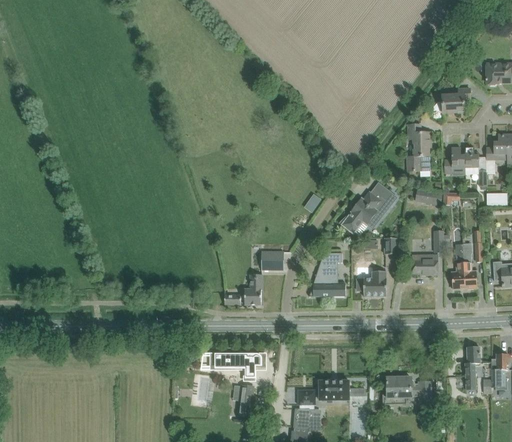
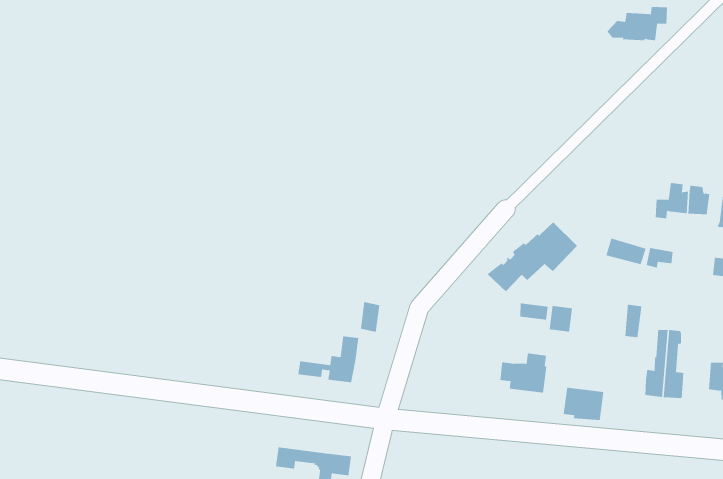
building: [432,88,471,113] -> [606,6,668,41]
building: [406,124,432,172] -> none
building: [413,255,438,275] -> [563,387,604,421]
building: [315,260,346,297] -> none

